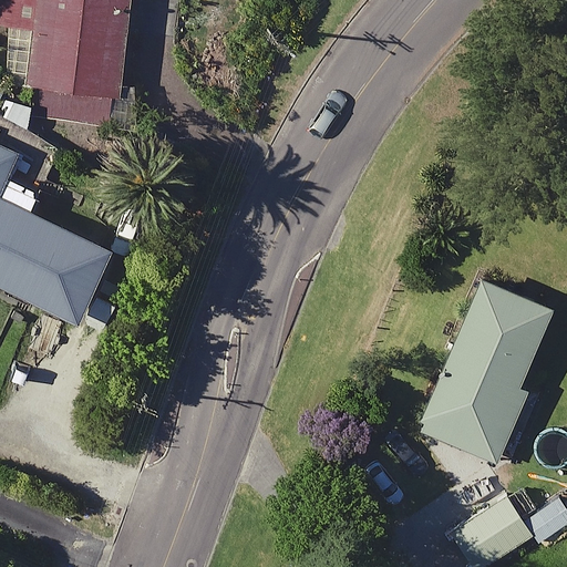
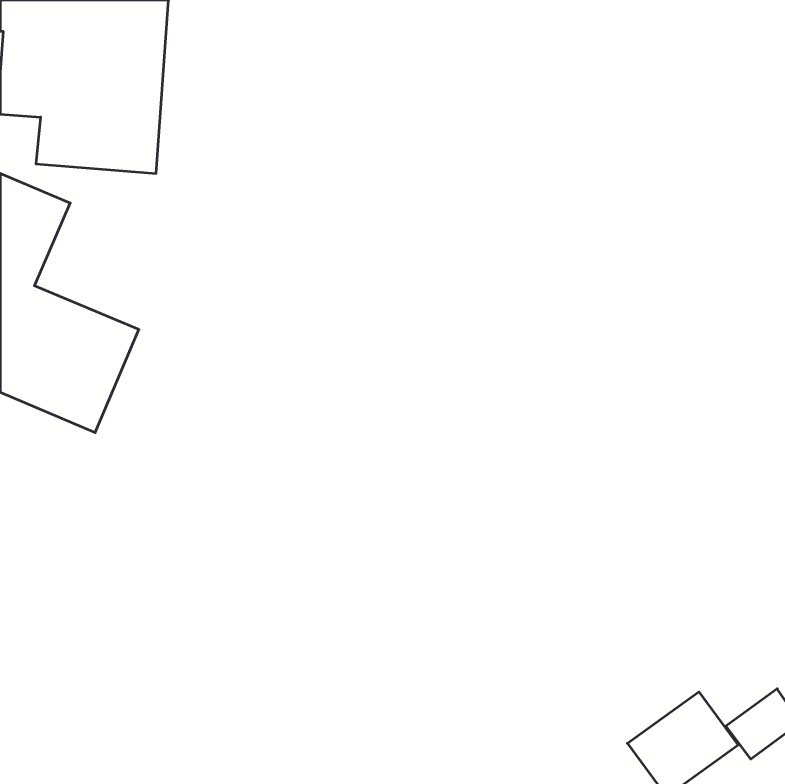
building: [417,278,549,463] -> none

